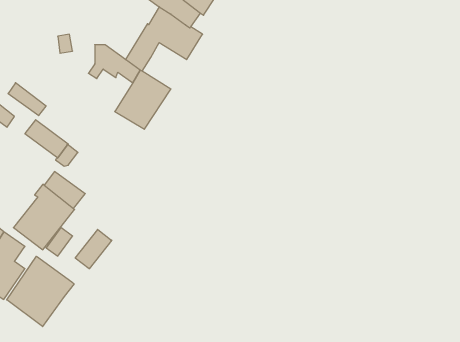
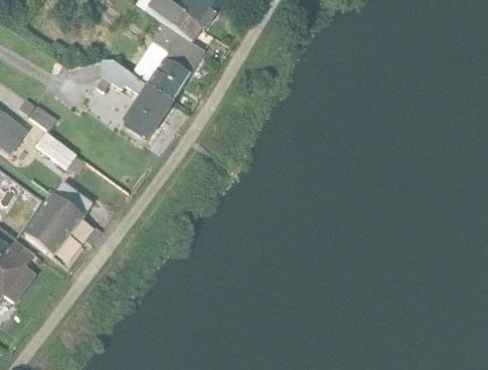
building: none -> [146,57,189,102]
building: [75,229,112,269] -> none
building: [7,256,74,327] -> none

